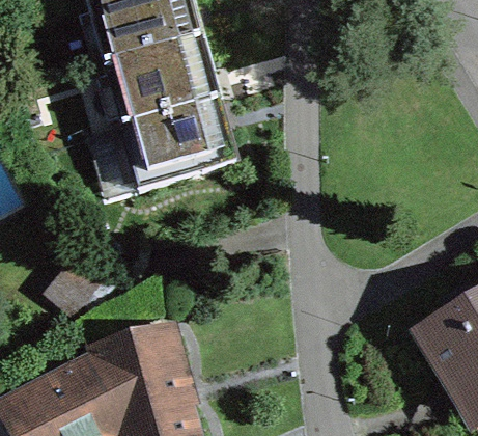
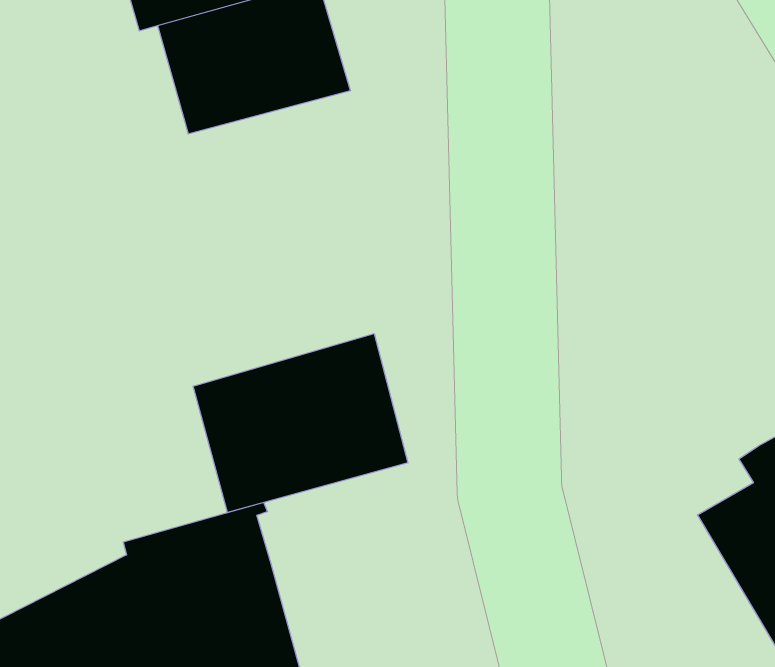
building: [86,87,240,190] -> none
building: none -> [193,334,408,513]

